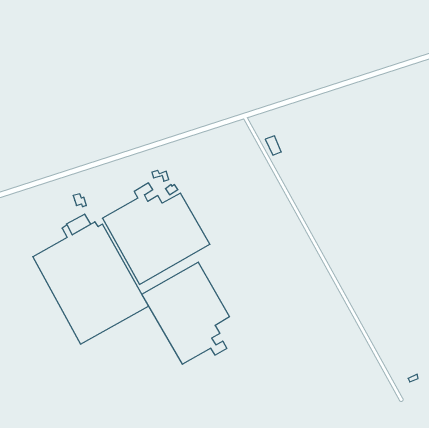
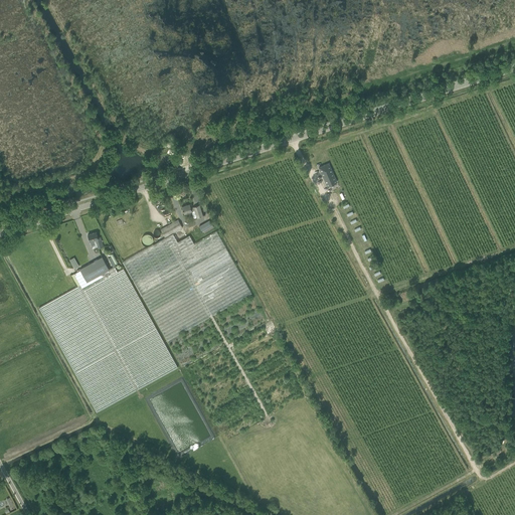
building: [142,262,229,364] -> none

